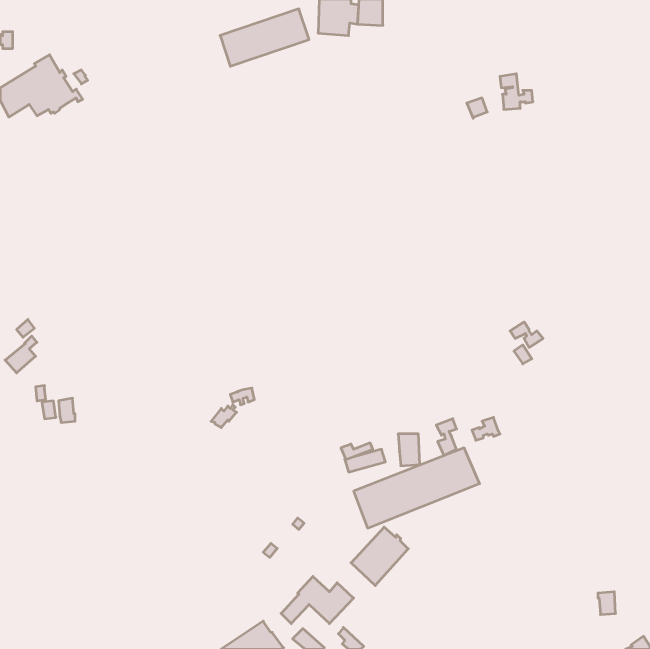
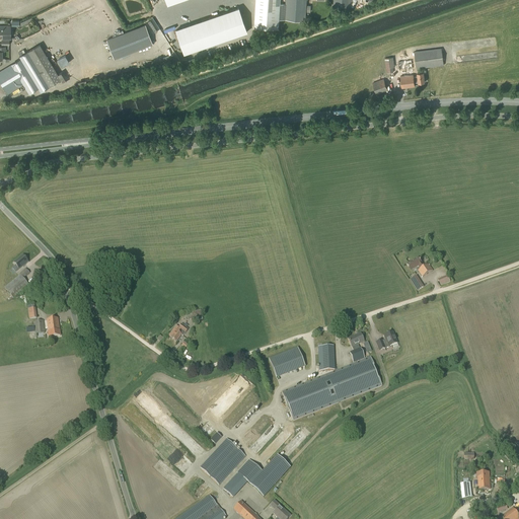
building: none -> [106,24,152,58]
building: none -> [414,47,444,68]
building: [351,527,408,586] -> [200,439,245,486]

